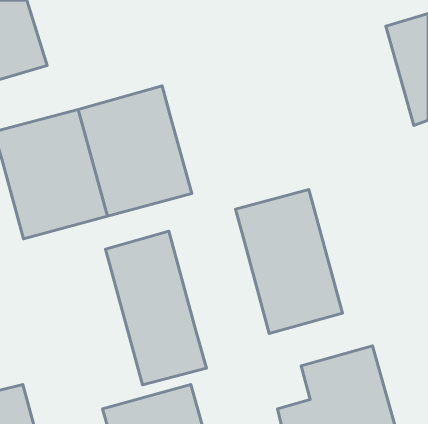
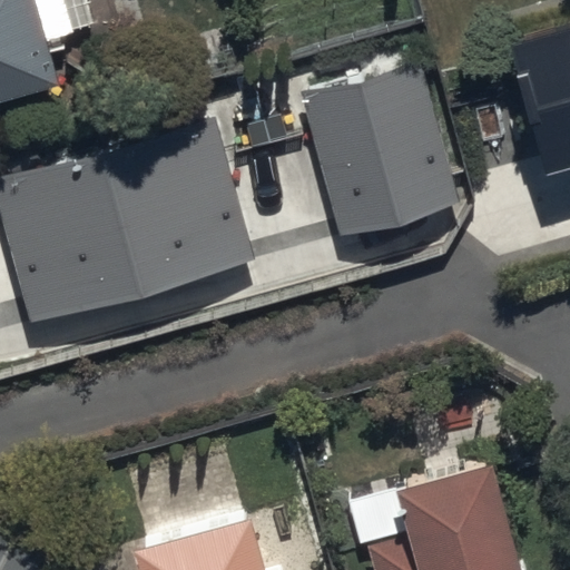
building: none -> [302,63,460,238]
building: [235,190,342,333] -> none
building: [105,231,206,385] -> none

